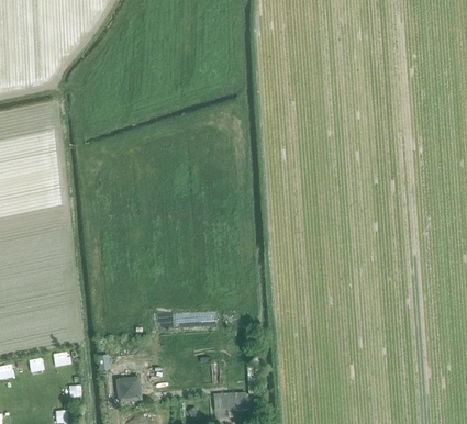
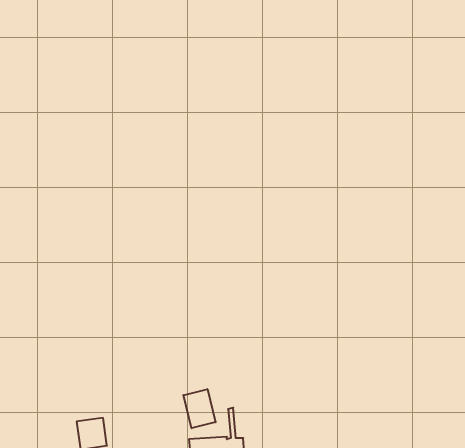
building: none -> [183,389,216,428]

